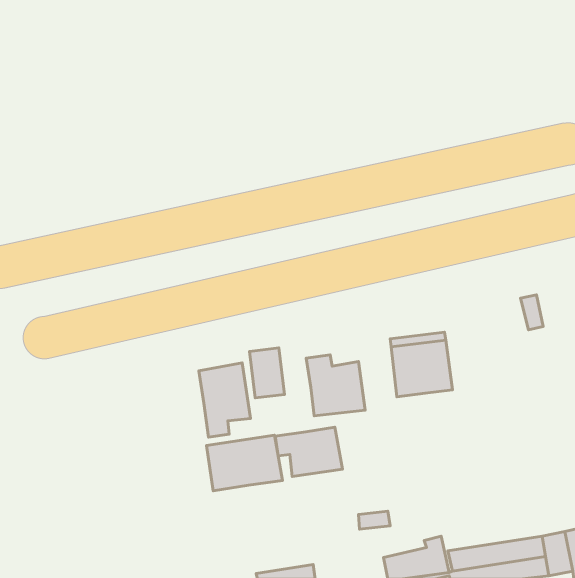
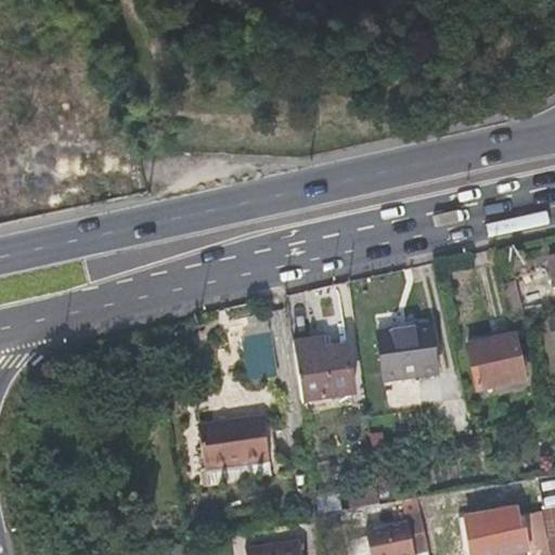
building: none -> [468,340,525,389]
building: [199,363,250,437] -> none
building: [275,427,343,476] -> none

